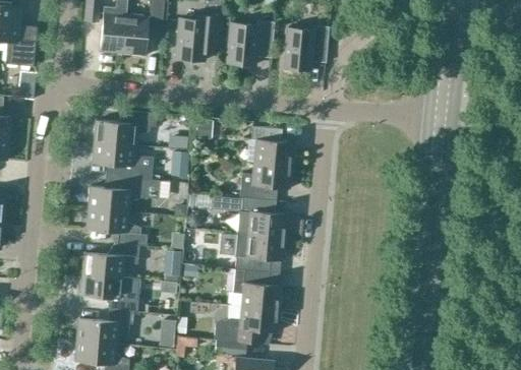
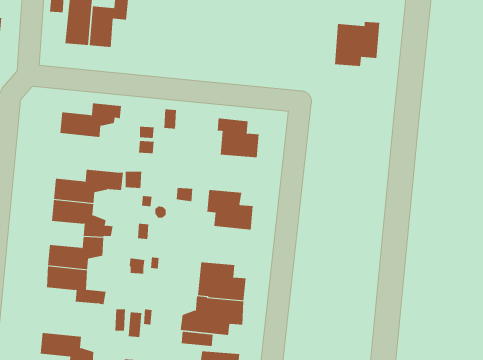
building: [176,17,220,62] -> none
building: [227,21,274,66] -> none
building: [283,26,329,71] -> [334,22,380,67]
building: [92,142,153,181] -> none
building: [239,164,291,201] -> none
building: [234,233,285,273] -> none
building: [76,310,132,345] -> none

